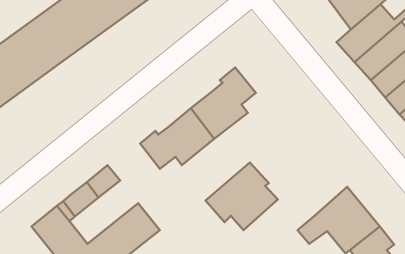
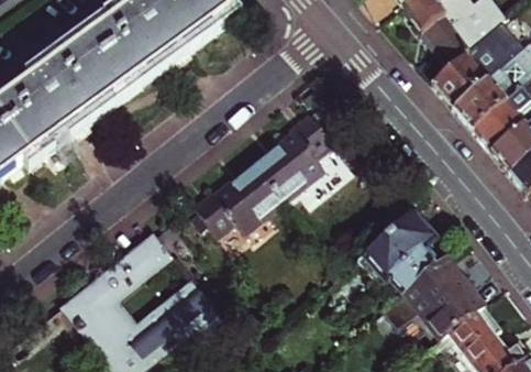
building: [205,162,278,230] -> [359,210,447,293]

